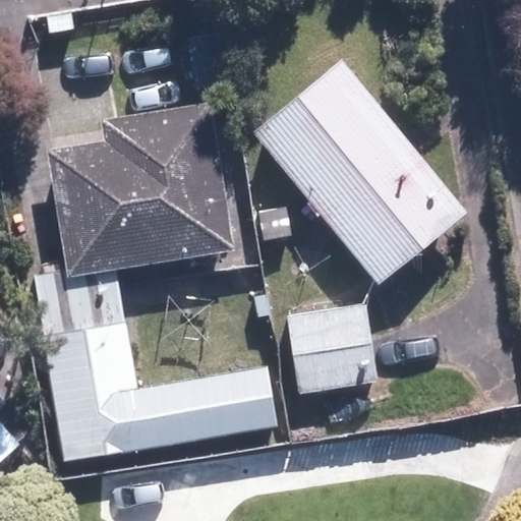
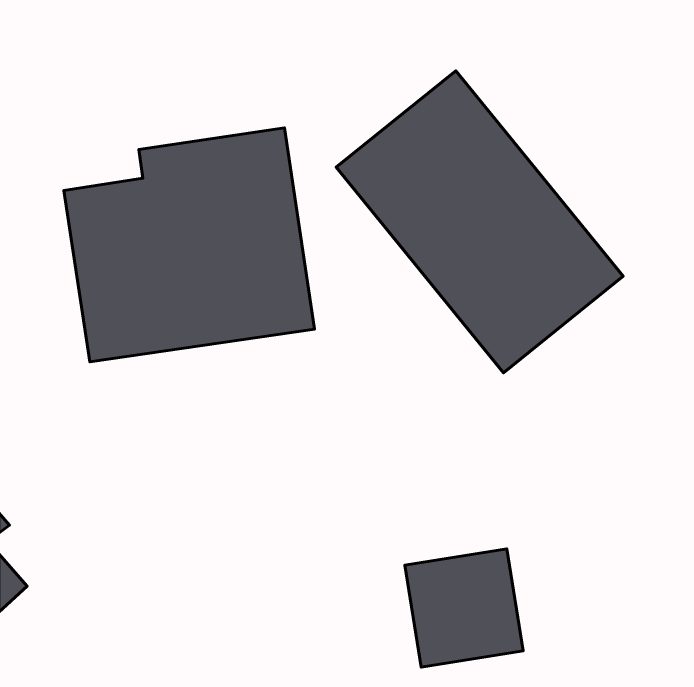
building: [290,305,379,394] -> [405,549,523,667]
building: [42,322,279,463] -> none

